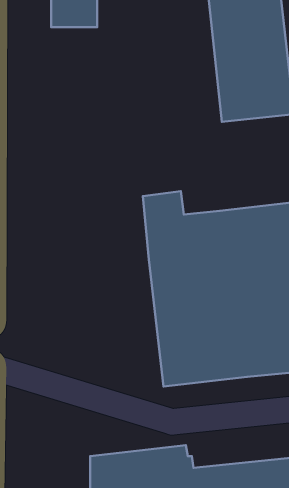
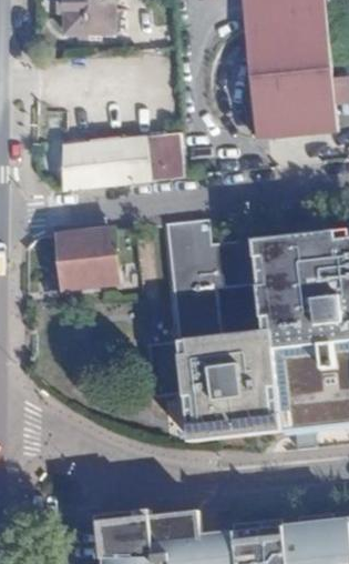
building: none -> [60,132,185,191]
building: none -> [57,230,119,289]

